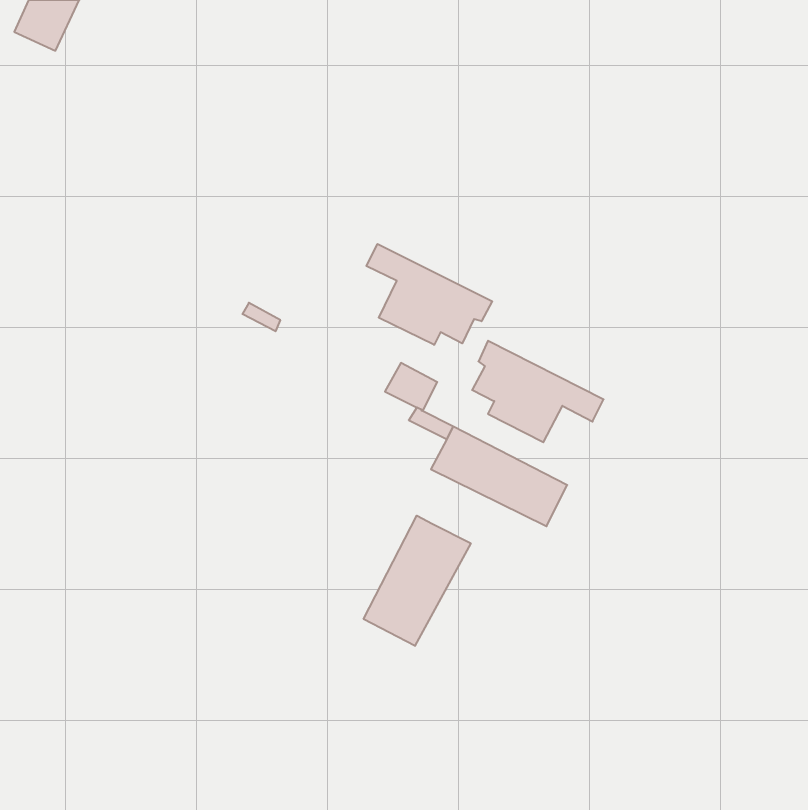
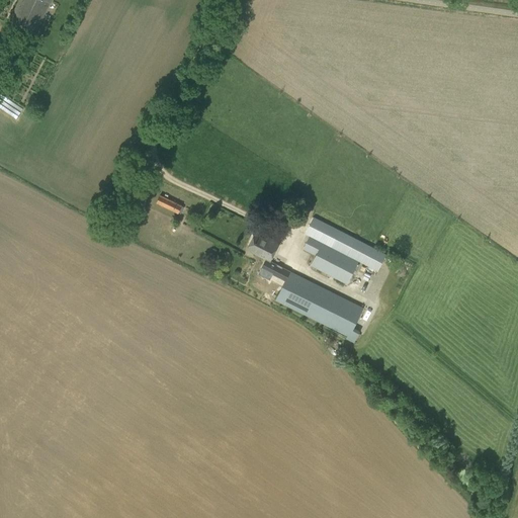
building: [366,244,492,345] -> none
building: [364,516,471,646] -> none

